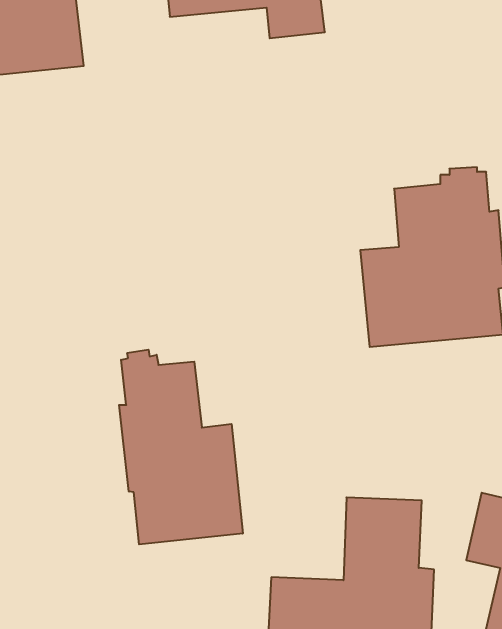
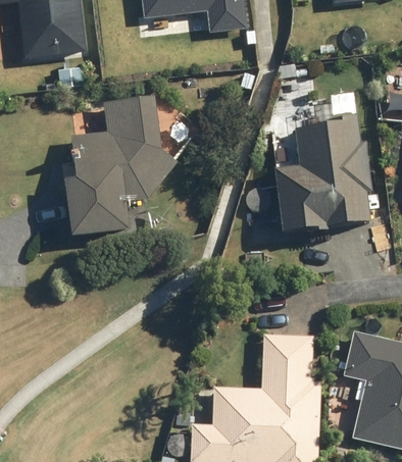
building: none -> [62,97,175,240]
building: [119,350,243,544] -> none

